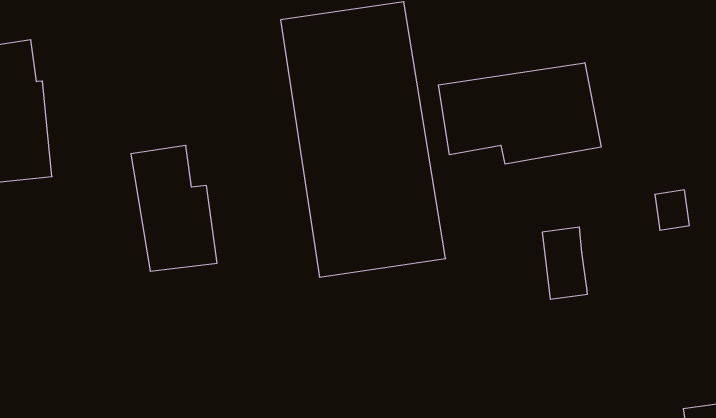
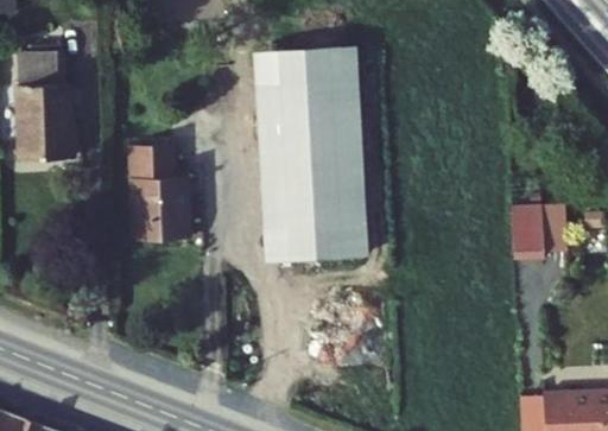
building: [438,63,601,164] -> none
building: [542,227,587,299] -> [508,201,539,255]

